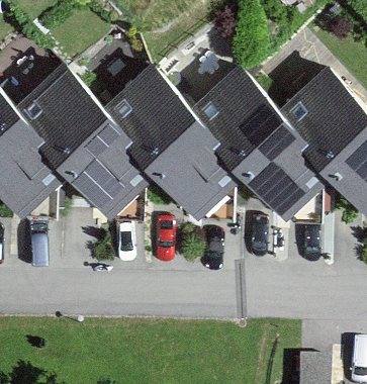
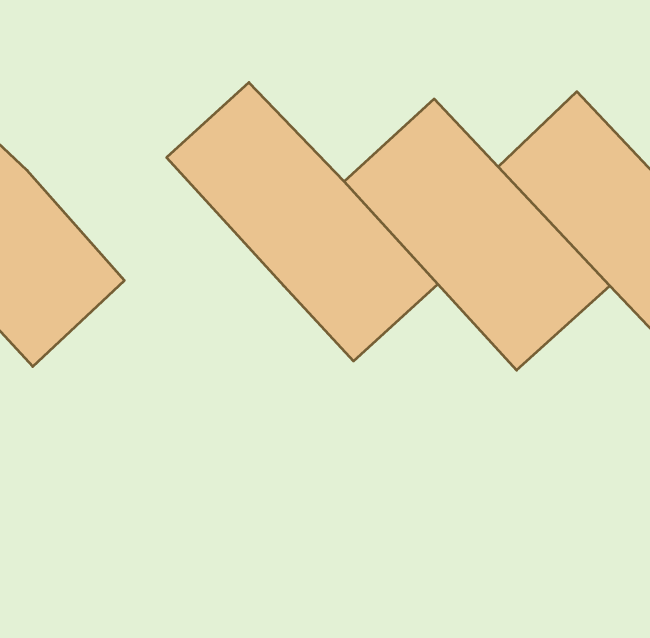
building: [19,64,161,215] -> none

